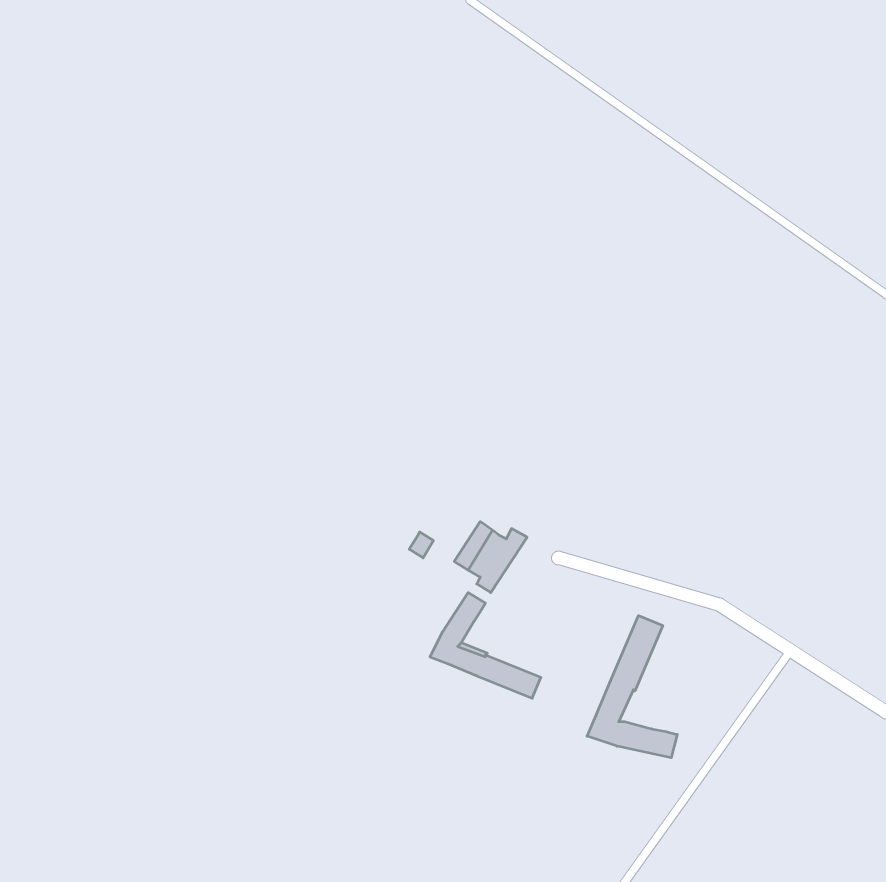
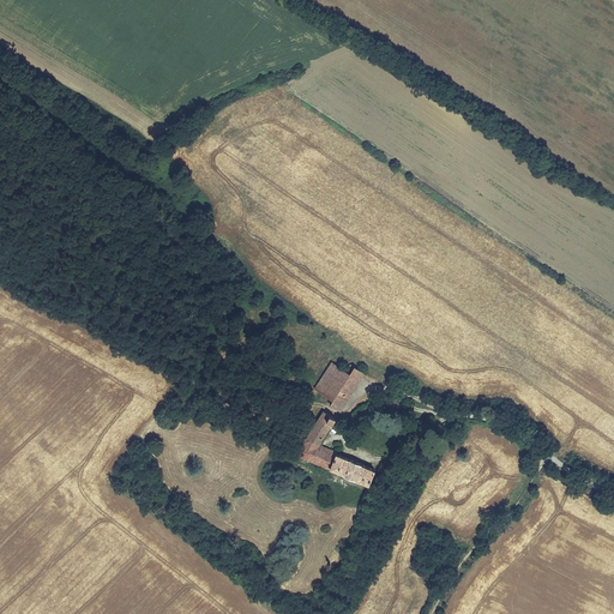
building: [587,616,677,758] -> none

